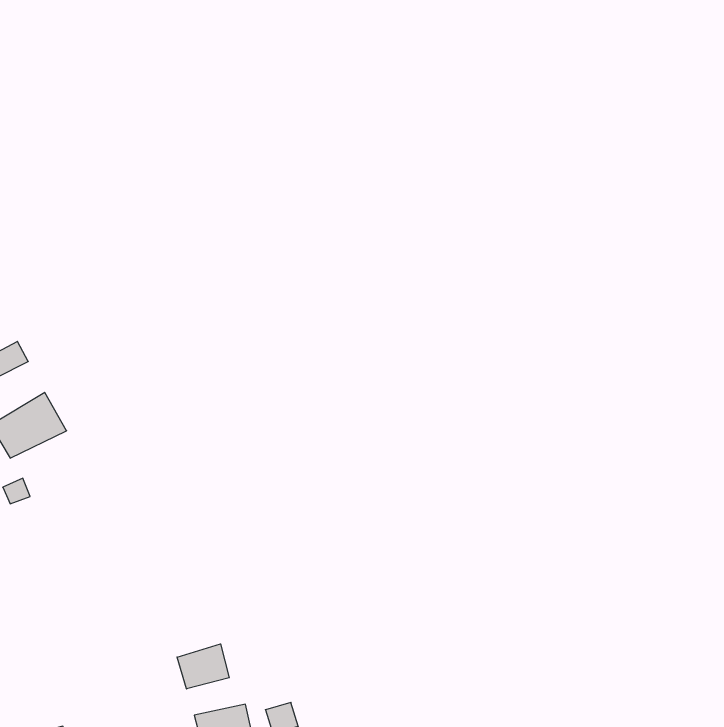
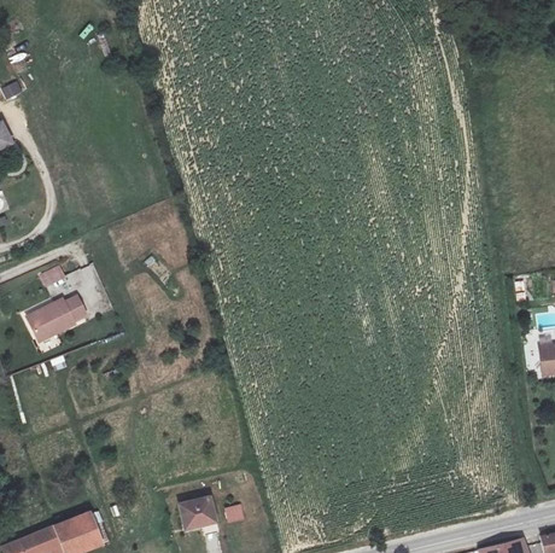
building: [177,644,229,689] -> none

